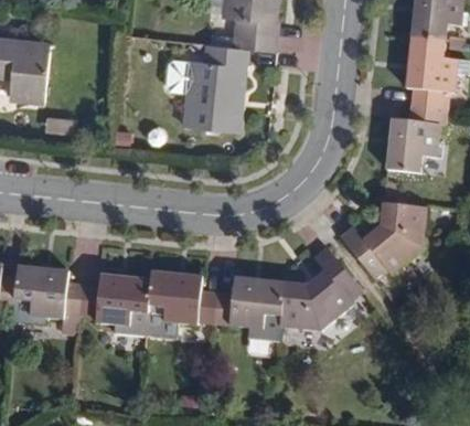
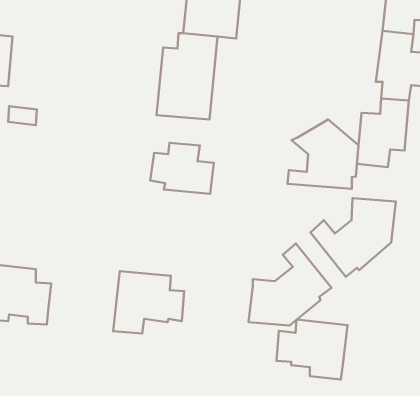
building: none -> [288,119,359,189]
building: none -> [150,143,214,194]
building: [81,278,151,339] -> none
building: [214,285,285,344] -> [277,320,348,380]

